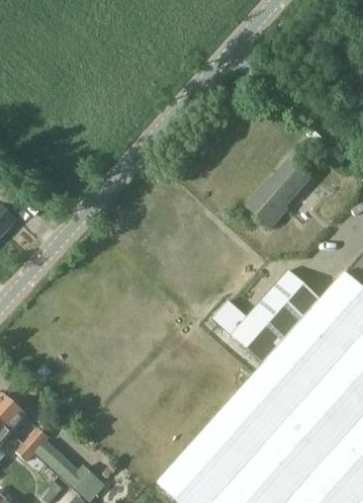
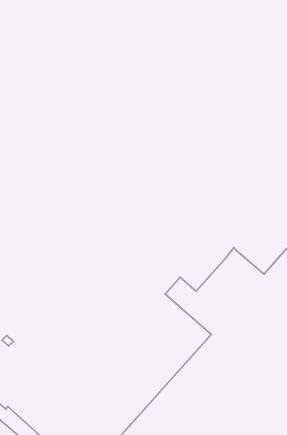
building: [247,161,308,227] -> none

